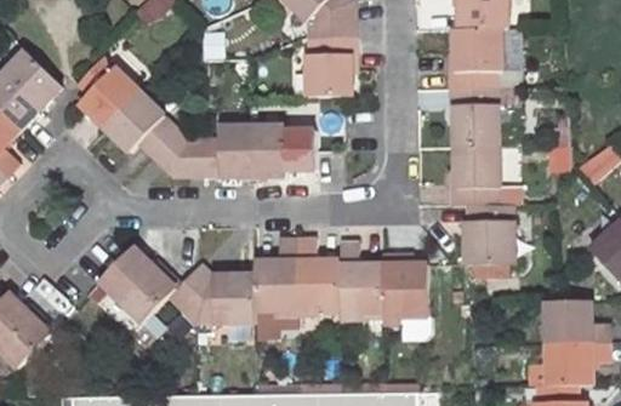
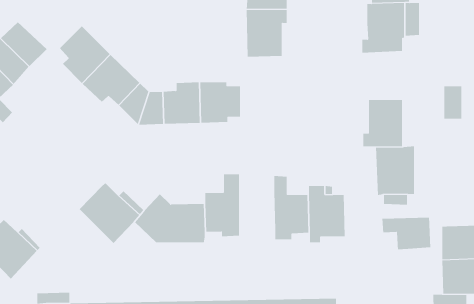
building: [446,88,497,148] -> none
building: [297,239,340,315] -> none
building: none -> [382,217,431,250]

